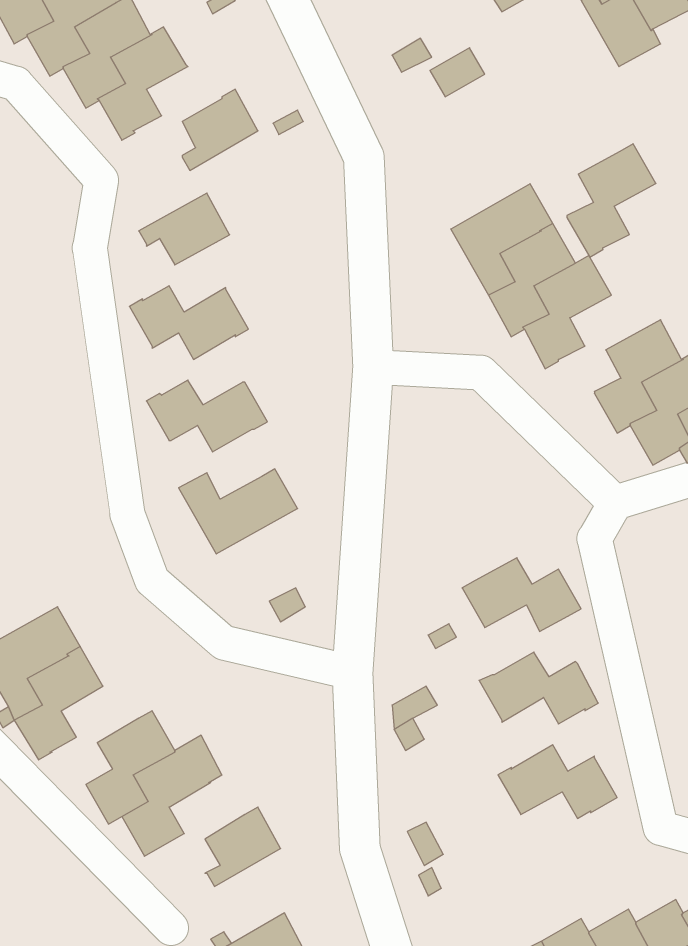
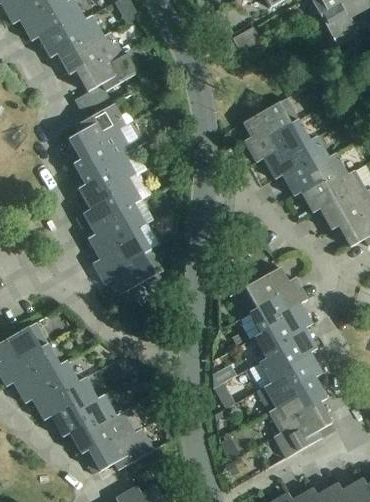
building: none -> [75,32,122,92]
building: [567,144,656,257] -> [300,153,347,213]
building: none -> [68,127,131,166]
building: none -> [78,177,141,215]
building: none -> [87,226,150,265]
building: none -> [237,267,300,312]
building: none -> [254,321,317,359]
building: none -> [31,360,78,420]
building: none -> [256,370,326,411]
building: none -> [88,407,141,471]
building: none -> [273,420,321,458]

